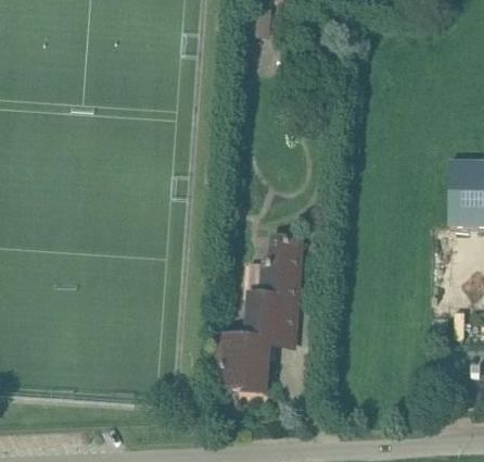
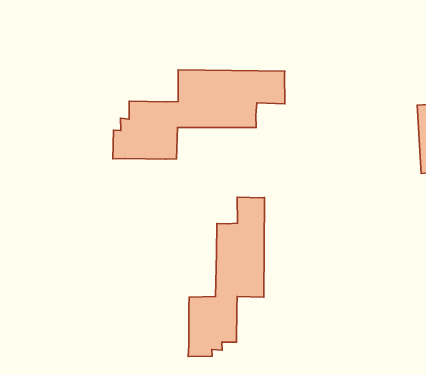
building: none -> [113,70,285,159]

